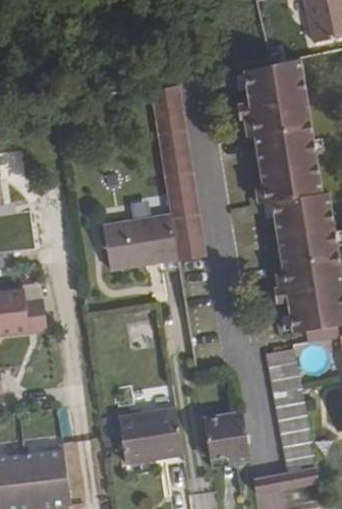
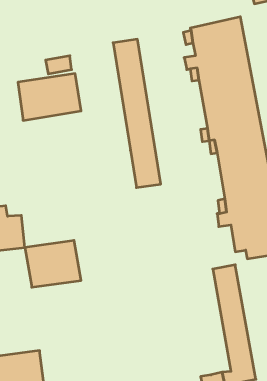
building: [103,215,177,270] -> [18,74,81,120]
building: [117,408,183,463] -> [25,240,81,287]
building: [203,410,248,462] -> none

